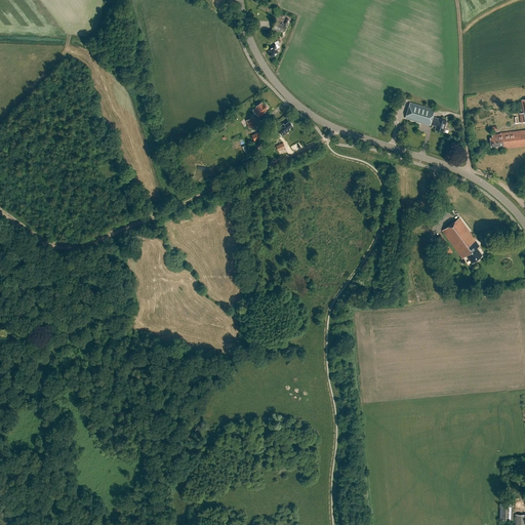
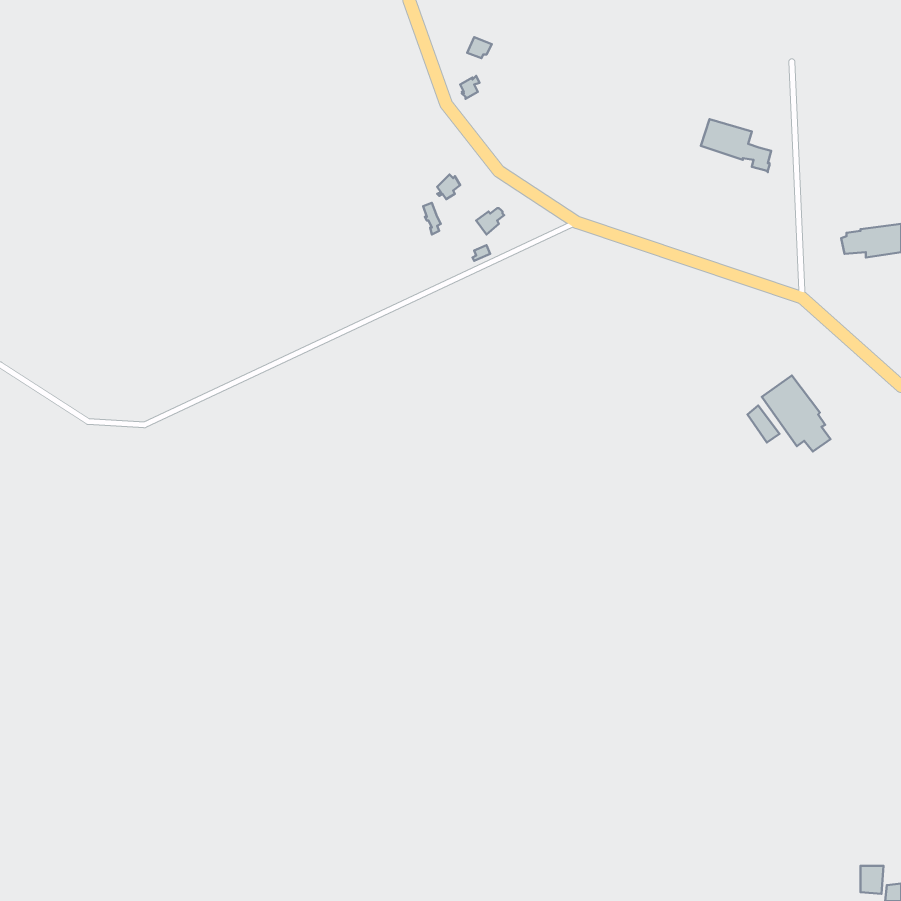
building: [405,103,446,133] -> [701,119,771,172]

